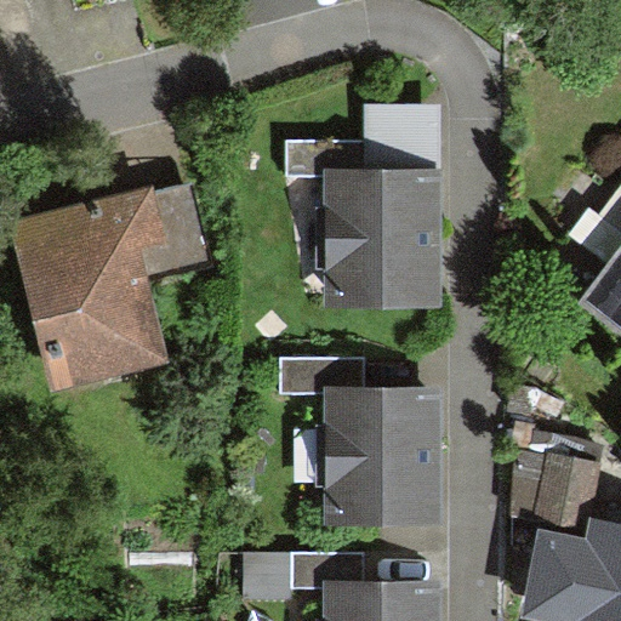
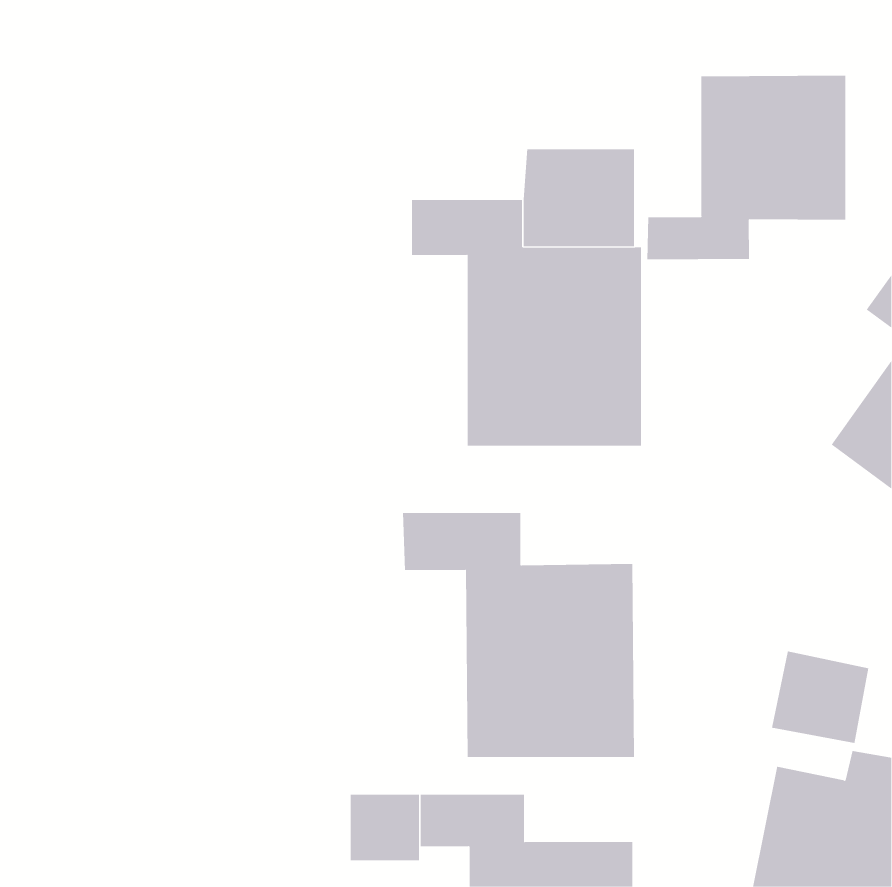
building: none -> [647,75,846,260]
building: [8,177,215,394] -> none

